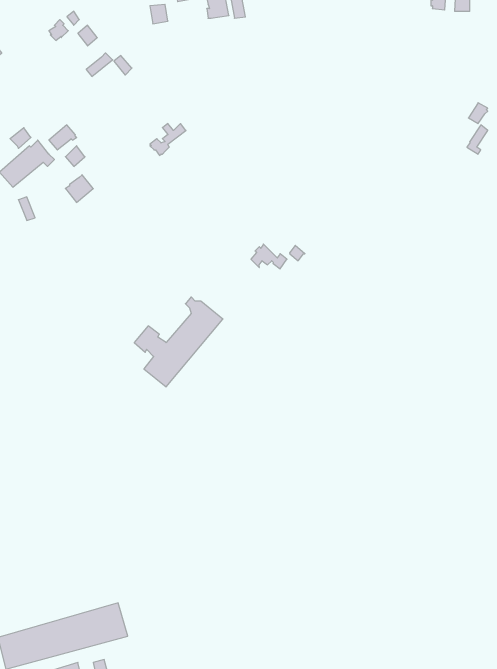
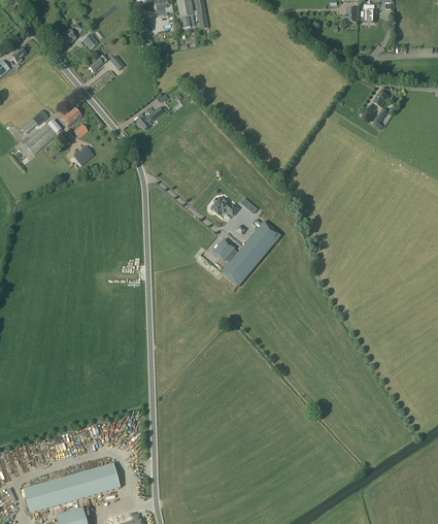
building: [134,297,223,387] -> [214,218,280,285]

